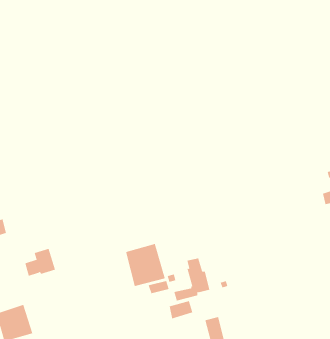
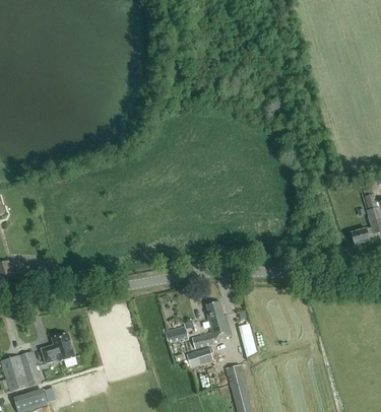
building: [126,243,165,287] -> none
building: [24,248,56,277] -> [42,333,75,363]

